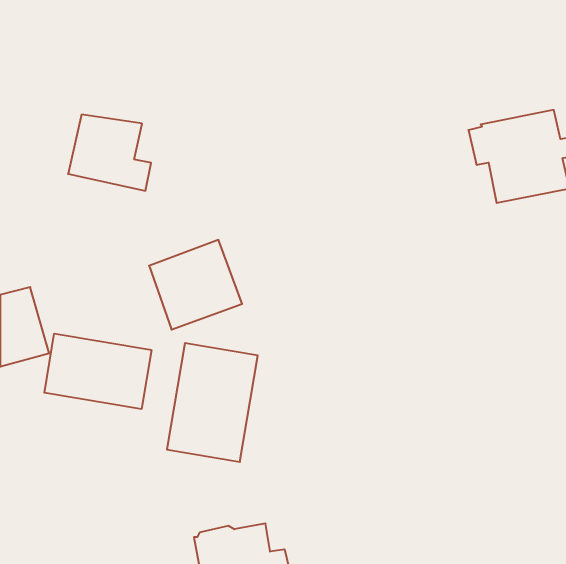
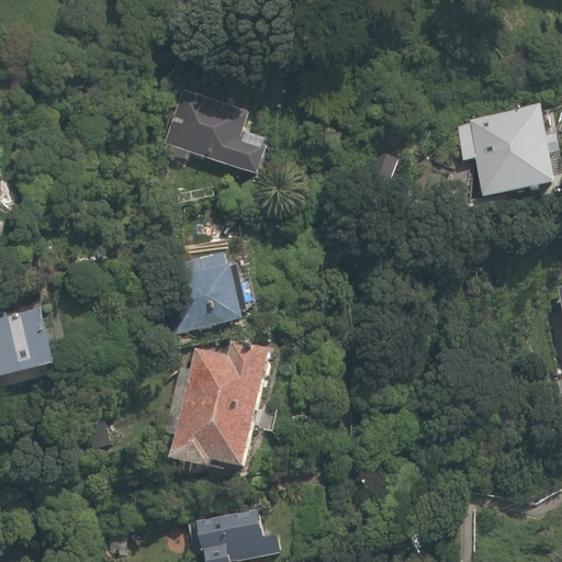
building: [68,115,151,191] -> [177,97,258,171]
building: [44,334,151,409] -> none

